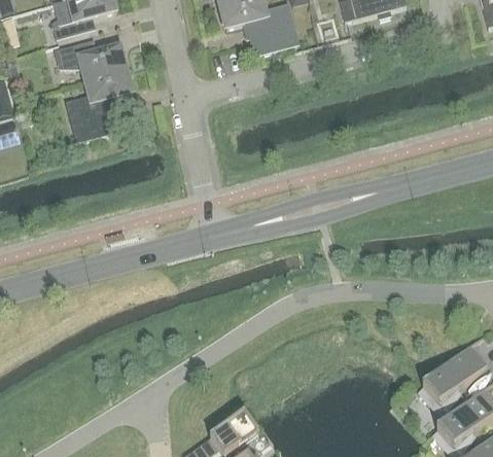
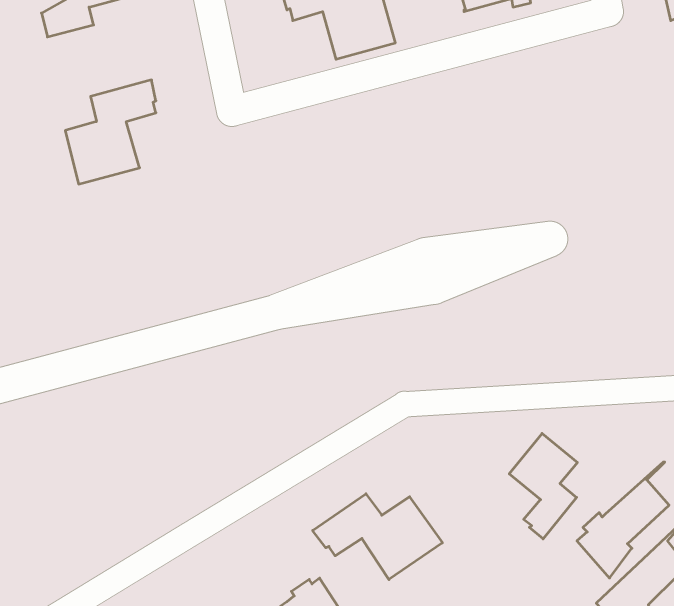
building: [54,40,128,79] -> none
building: none -> [509,433,577,539]
building: none -> [313,494,442,580]

